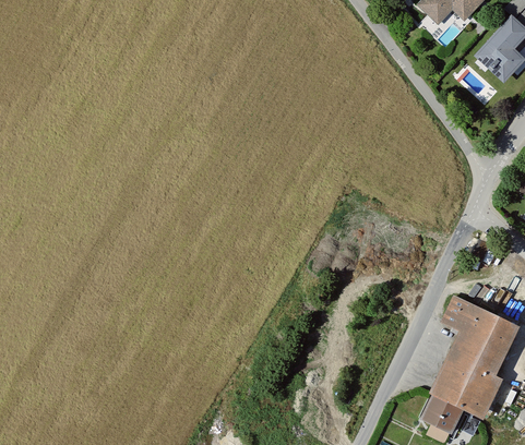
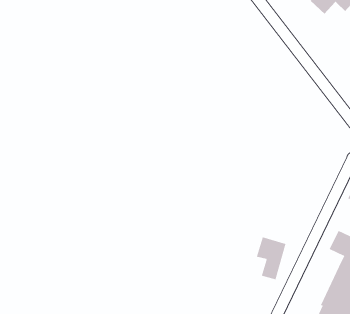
building: none -> [256,237,286,280]

